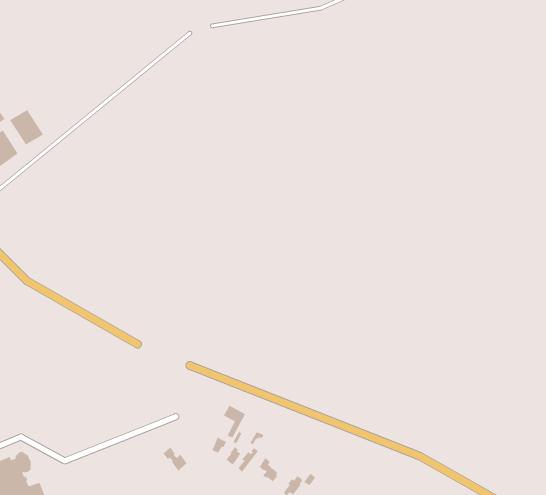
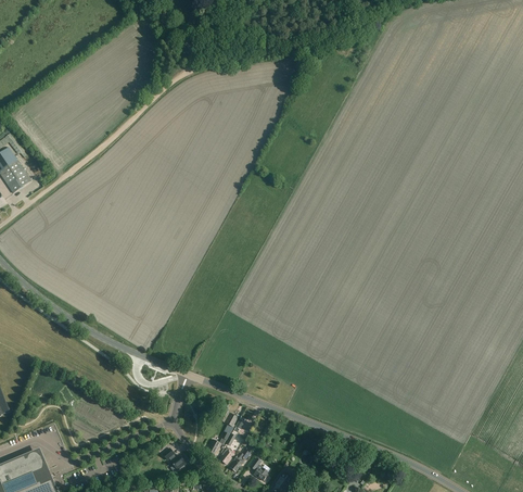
building: [9,109,44,145] -> none

